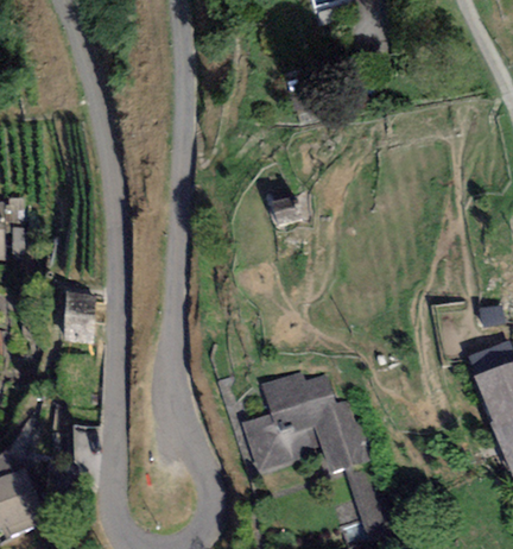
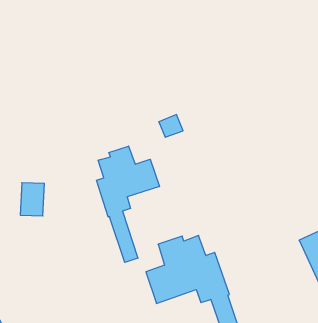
building: none -> [96,146,159,262]

